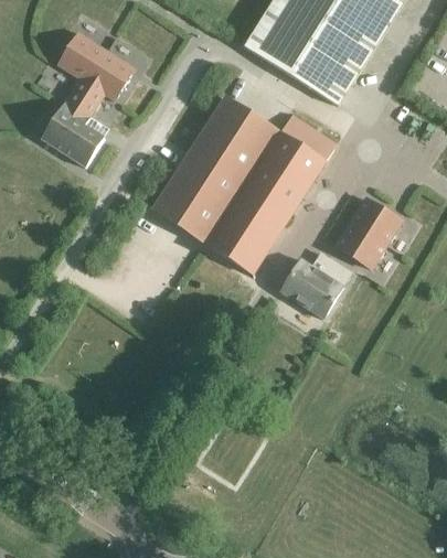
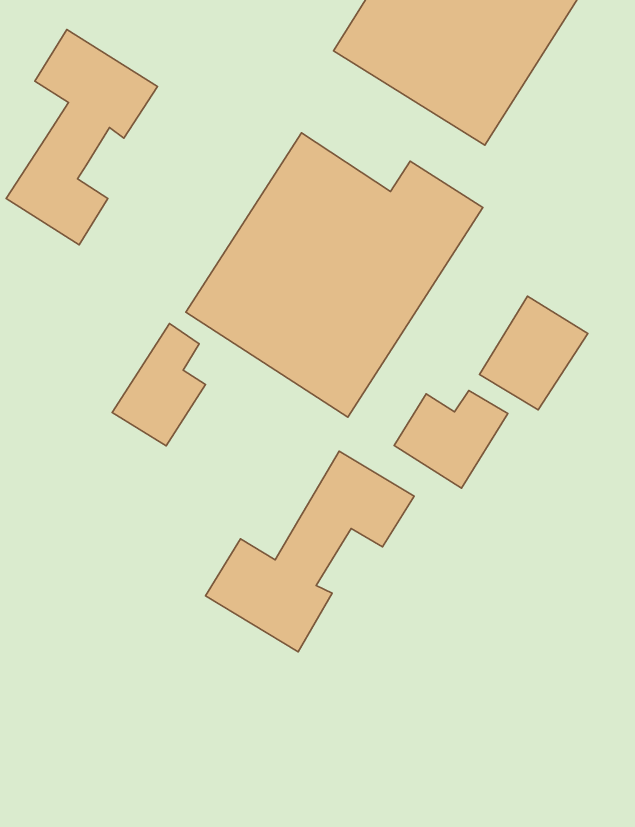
building: none -> [112,323,206,446]
building: none -> [205,451,414,652]

